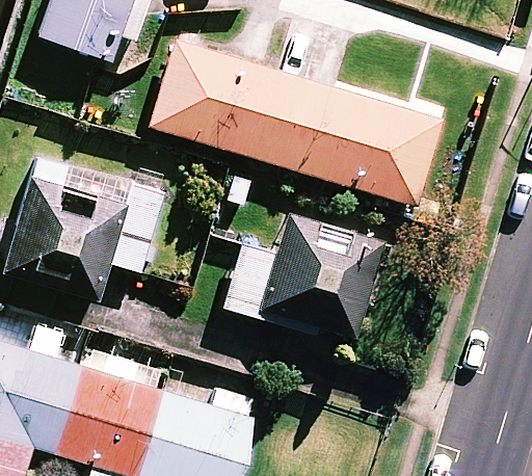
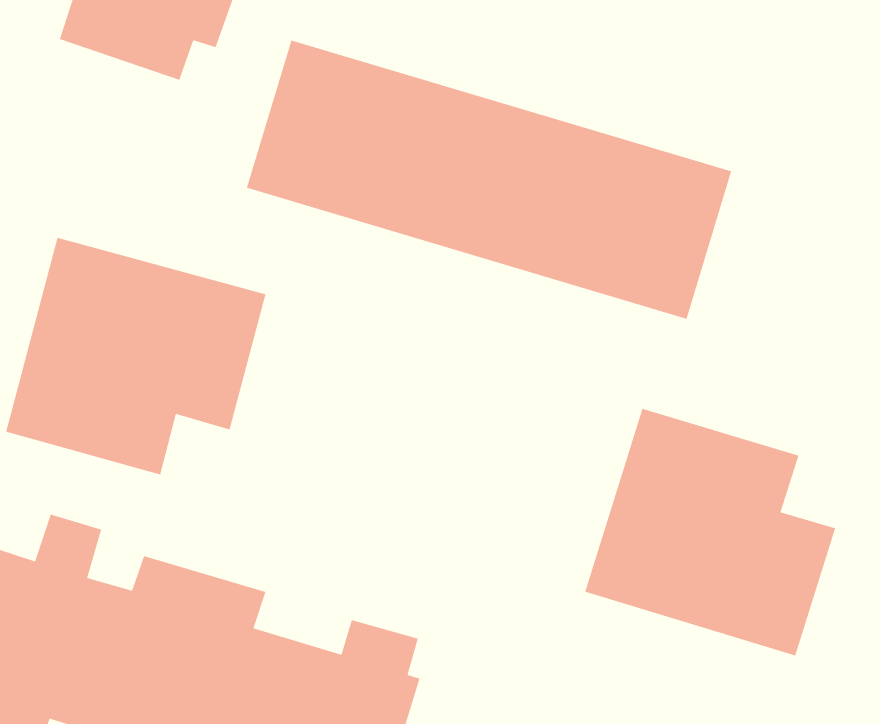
building: [223,214,383,339] -> none
building: none -> [584,408,836,656]

